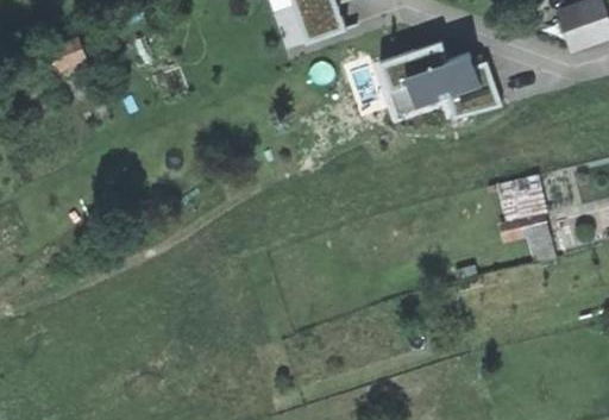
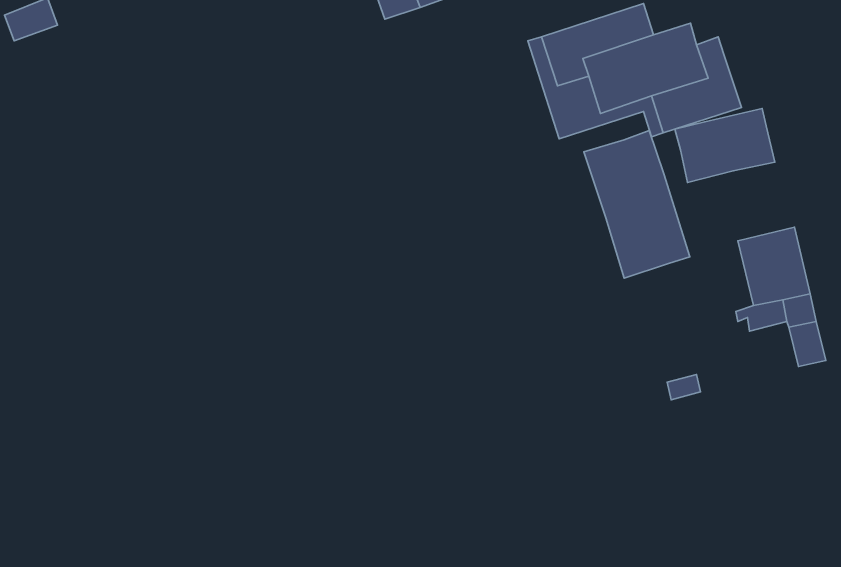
building: none -> [675,109,775,183]
building: none -> [584,131,690,278]

